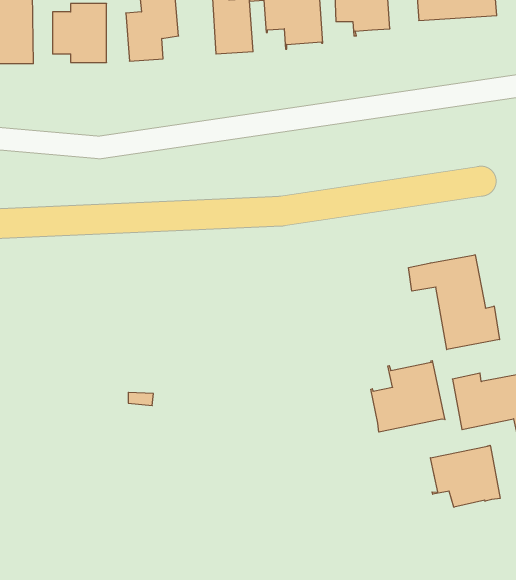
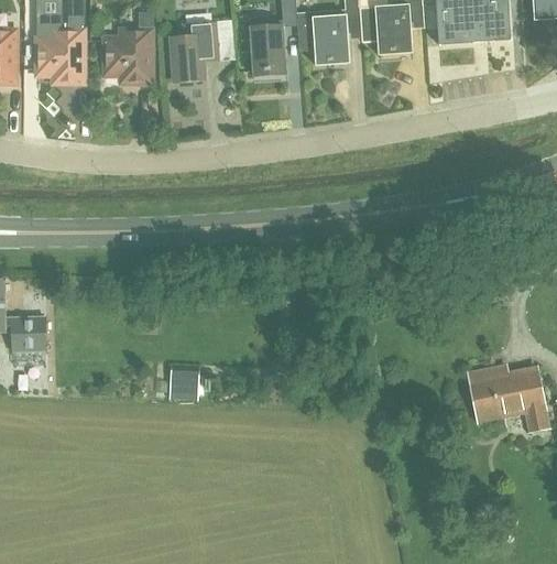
building: [409,255,500,350] -> none
building: [371,361,445,432] -> none
building: [430,445,500,507] -> none

